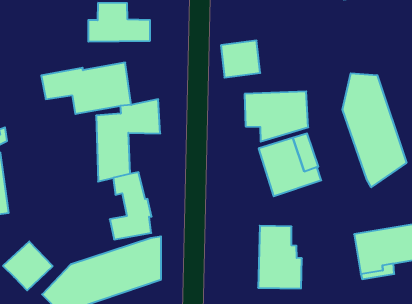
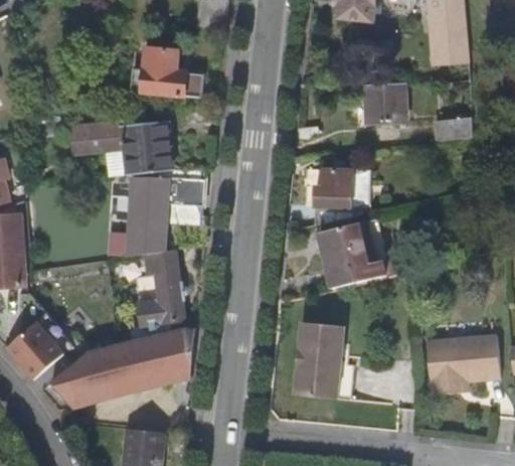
building: none -> [434,118,472,142]
building: [221,41,260,78] -> [364,83,407,123]
building: [343,73,406,187] -> none

